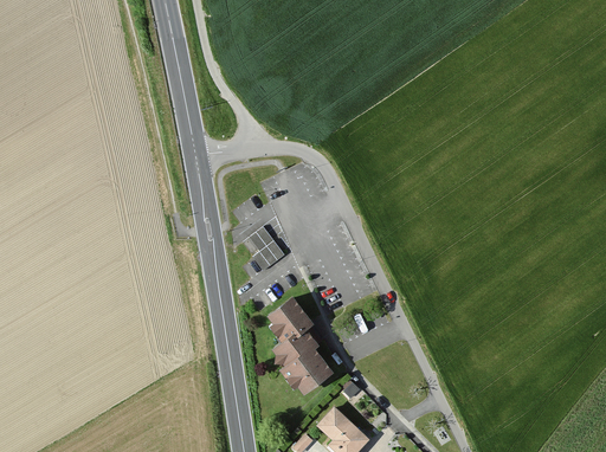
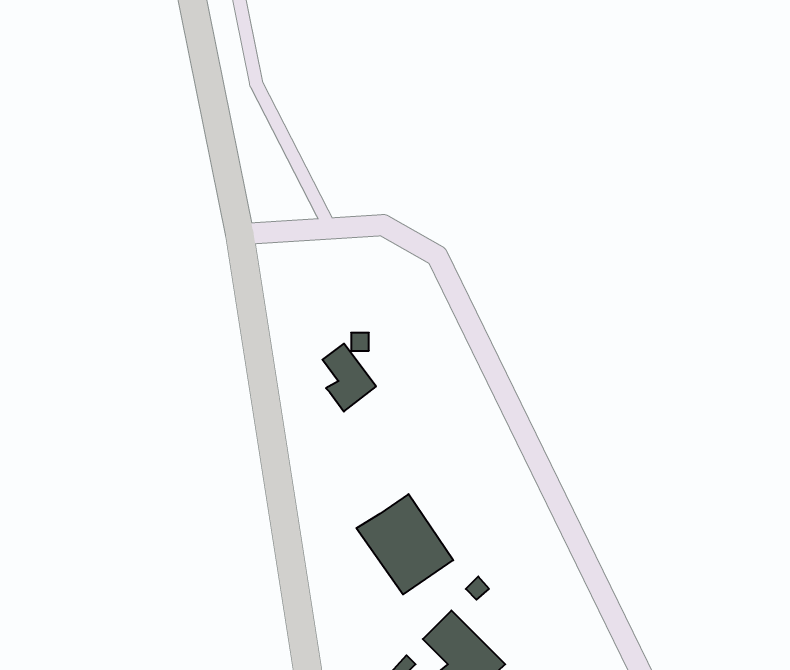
building: [269,296,312,341] -> none

